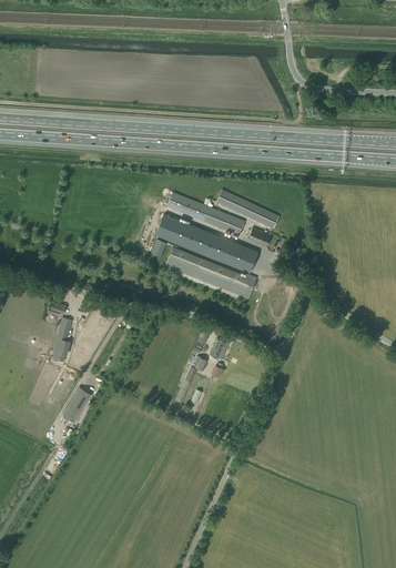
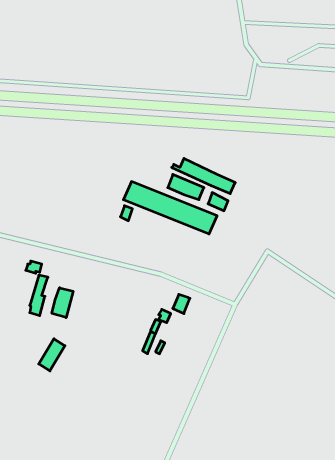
building: [166,192,210,221] -> none
building: [165,246,256,298] -> none
building: none -> [52,288,73,318]

